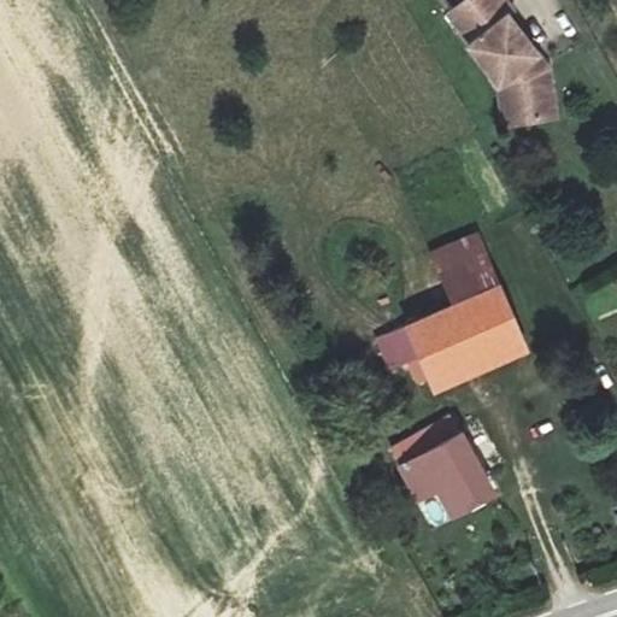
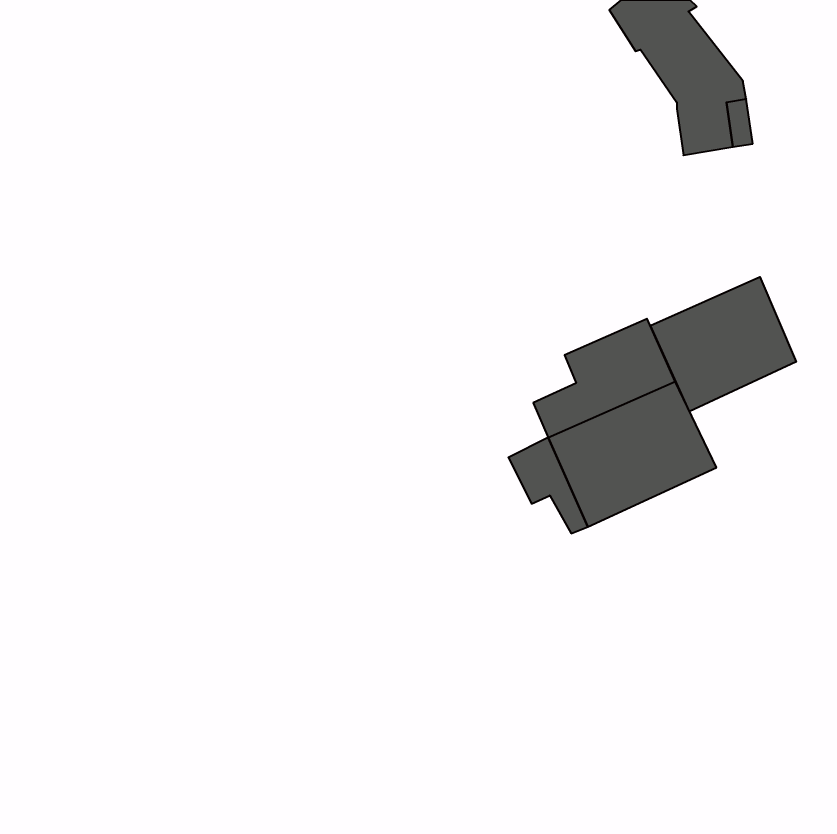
building: none -> [650,277,796,411]
building: [392,418,496,517] -> none

